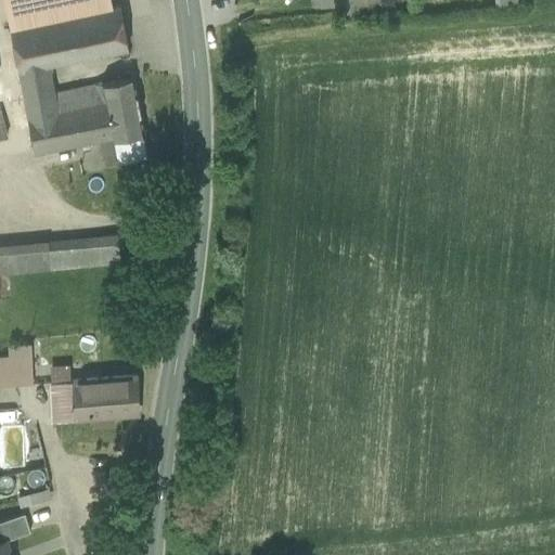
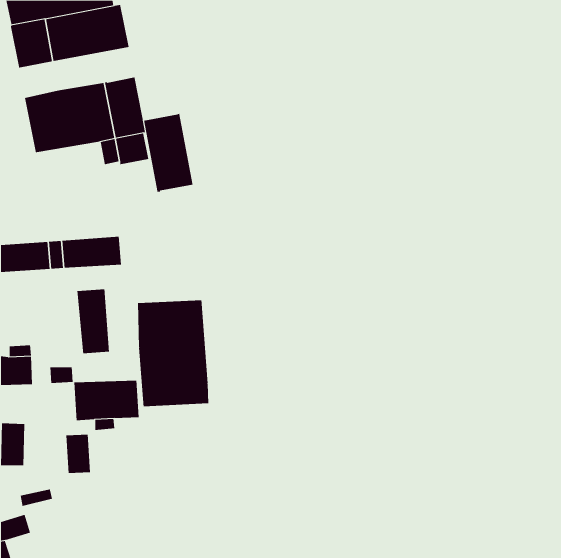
building: [18,64,57,100] -> none
building: none -> [144,113,193,193]
building: none -> [77,289,110,354]
building: none -> [137,300,209,407]
building: [50,380,75,420] -> [65,434,91,474]

